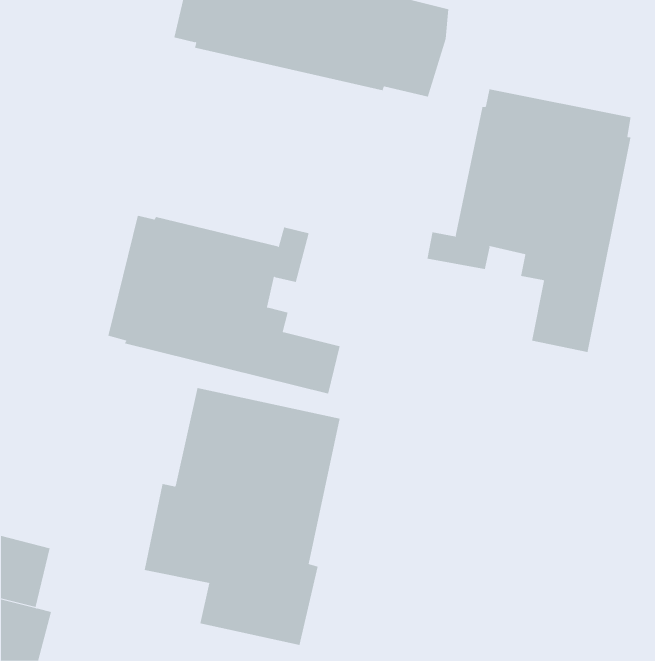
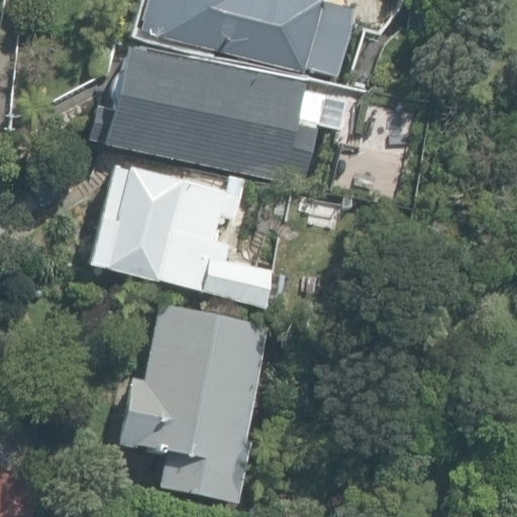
building: none -> [91,48,348,180]
building: [427,88,631,353] -> none

